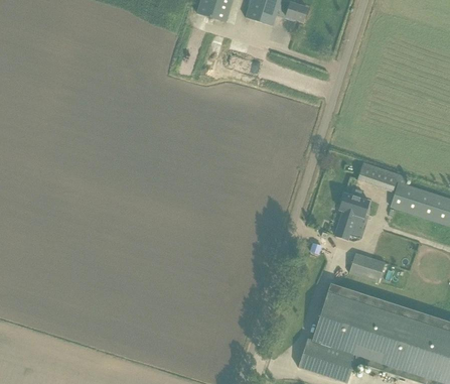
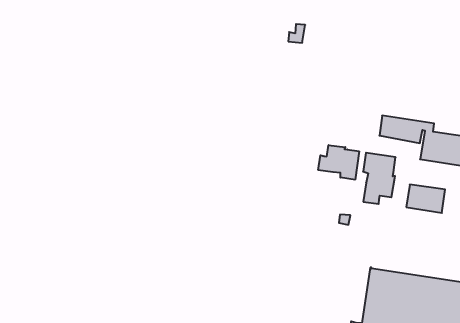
building: none -> [318,145,359,180]
building: [348,251,385,280] -> [406,185,445,213]

